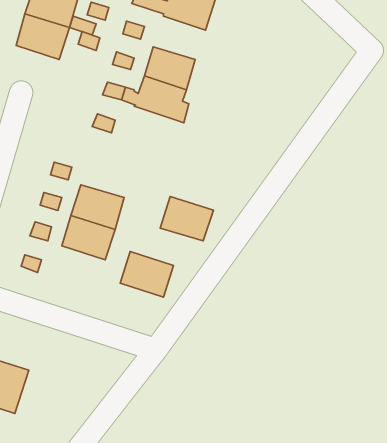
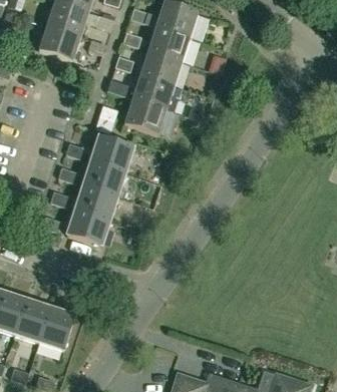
building: none -> [148,27,190,61]
building: none -> [125,98,166,133]
building: [160,196,213,241] -> [91,135,133,170]
building: [120,251,174,297] -> [68,209,110,245]
building: none -> [39,307,74,349]

